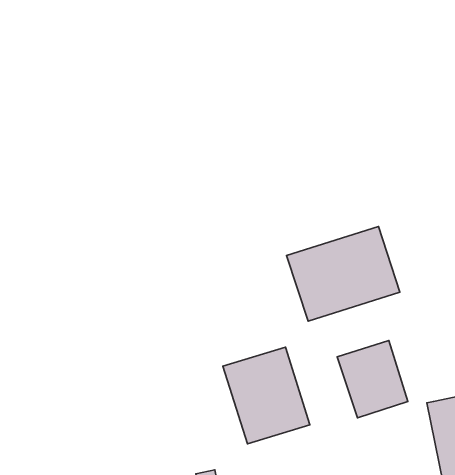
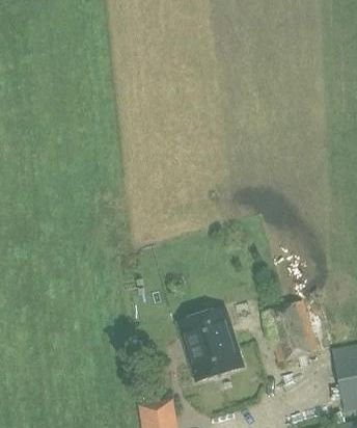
building: [287,226,400,321] -> none

